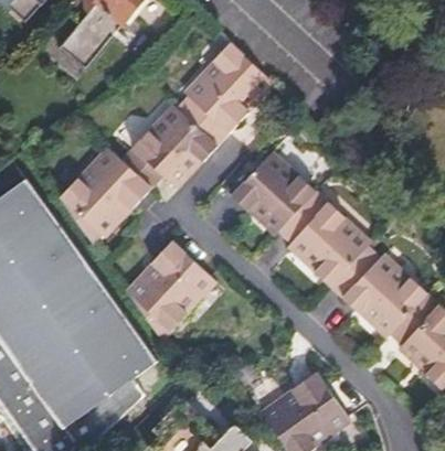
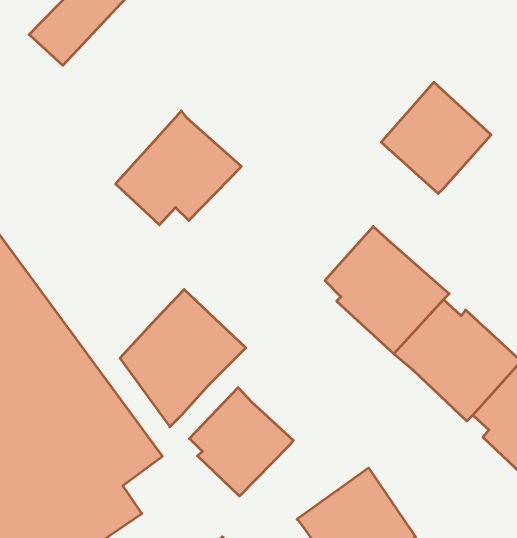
building: [176,41,275,144] -> none
building: [60,147,155,245] -> none
building: [233,150,316,234] -> [381,82,491,194]
building: none -> [189,388,293,496]

